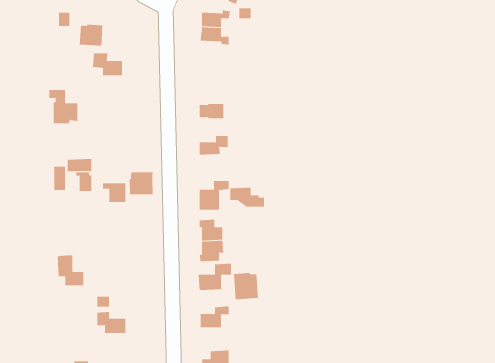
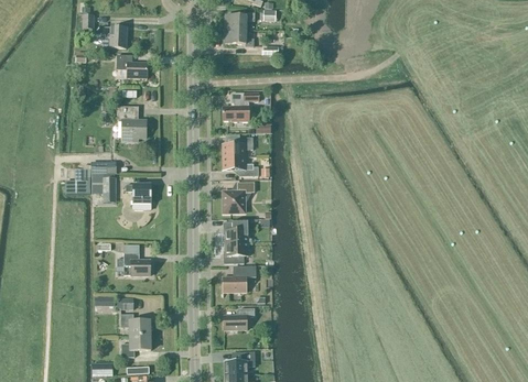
building: [48,90,78,124] -> [116,106,146,140]
building: [129,171,153,195] -> none
building: [230,187,265,207] -> [223,155,258,175]
building: [57,255,84,286] -> [122,243,150,274]
building: [233,272,259,300] -> none
building: none -> [121,335,150,357]

